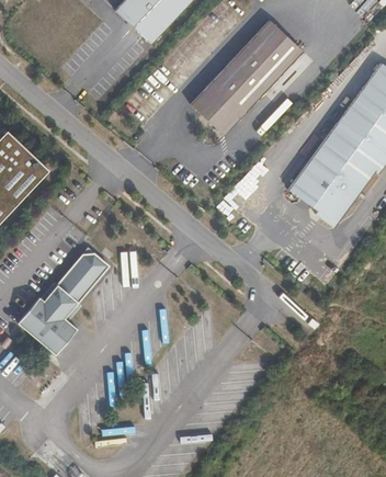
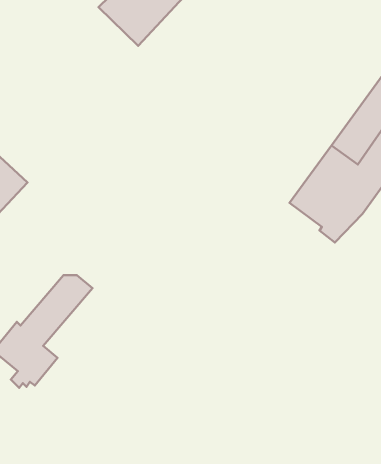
building: [190,20,302,136] -> none

